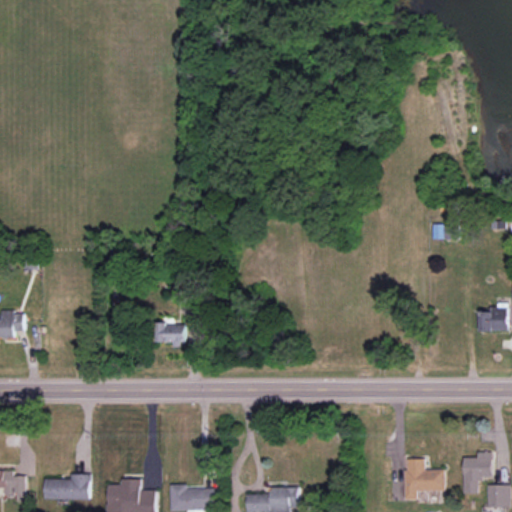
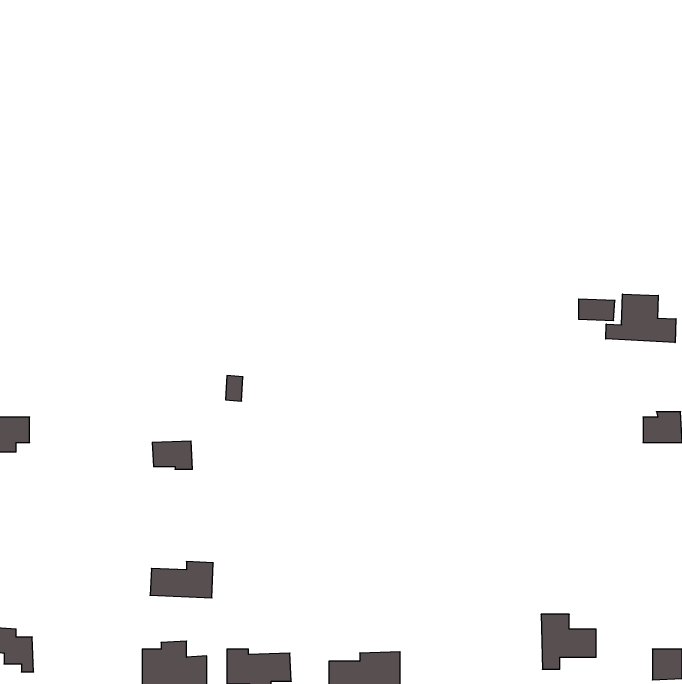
building: none -> [606,294,676,343]
building: [155,324,185,345] -> [152,441,192,469]
building: [462,452,491,494] -> none
building: [42,474,89,501] -> [150,562,213,598]

